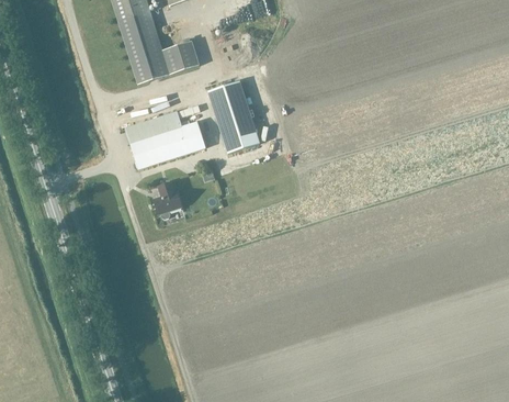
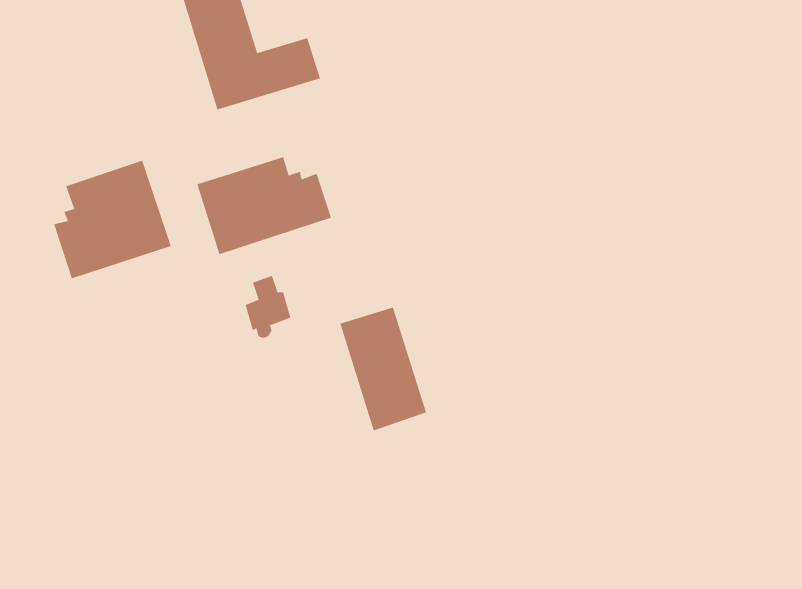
building: [207,80,259,154] -> [340,307,427,431]
building: none -> [53,160,171,279]

